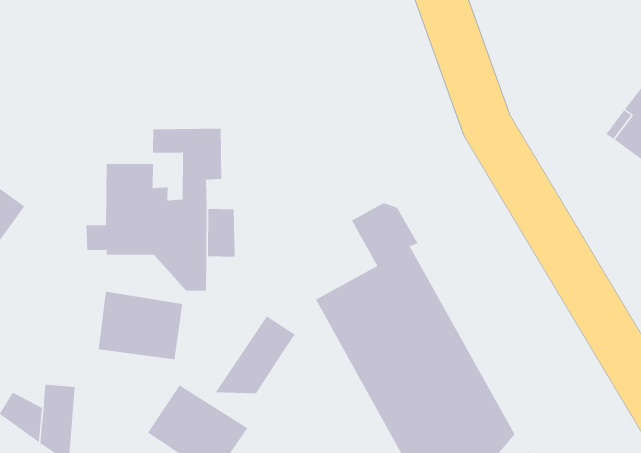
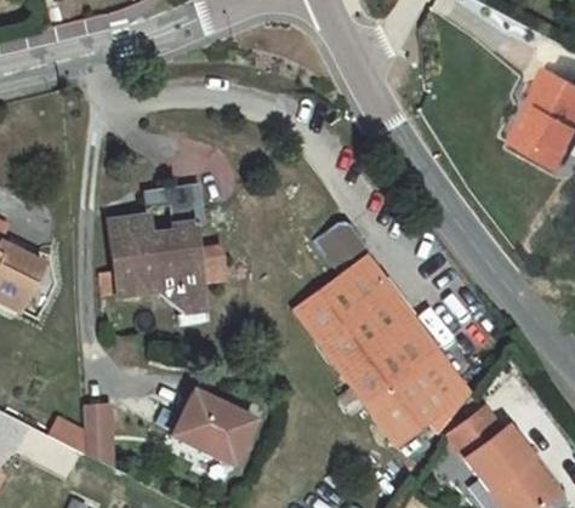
building: [98,291,183,360] -> none
building: [215,315,296,394] -> none

